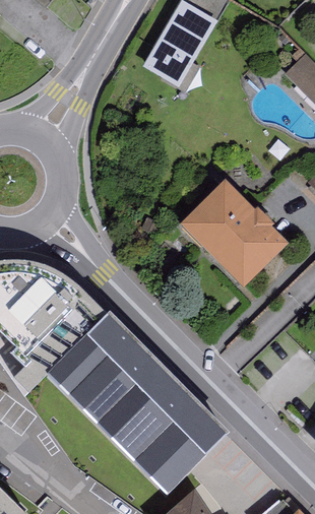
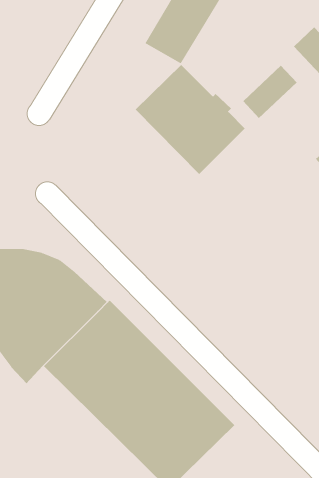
building: none -> [242,65,297,119]
building: [180,180,287,286] -> [135,64,246,175]

